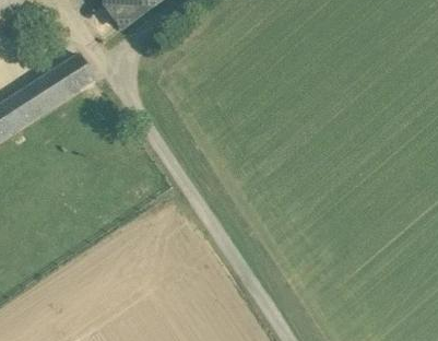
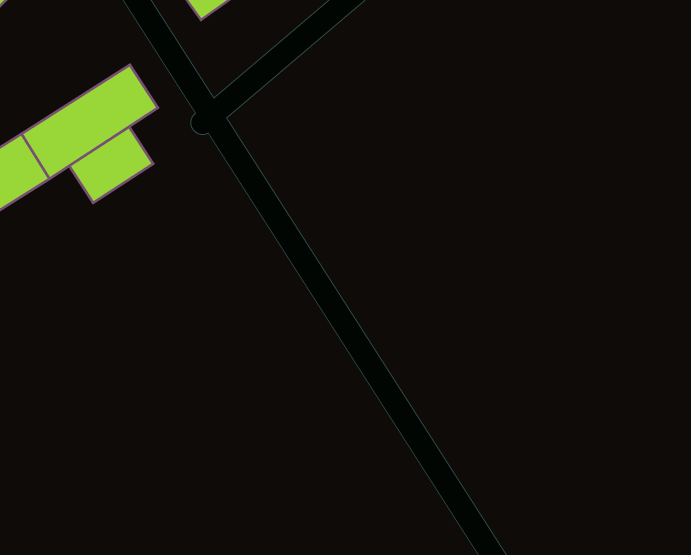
building: none -> [69,127,153,203]

